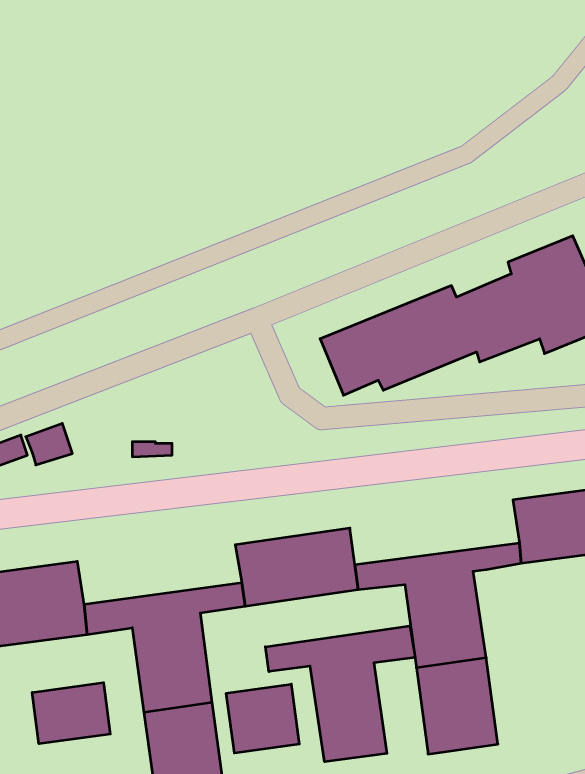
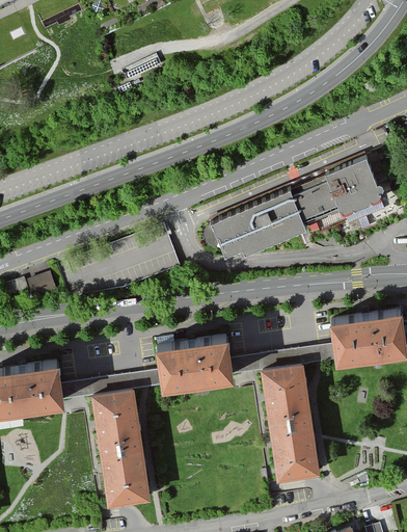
building: [265,626,415,762] -> none
building: [32,683,110,744] -> none
building: [226,684,299,753] -> none

